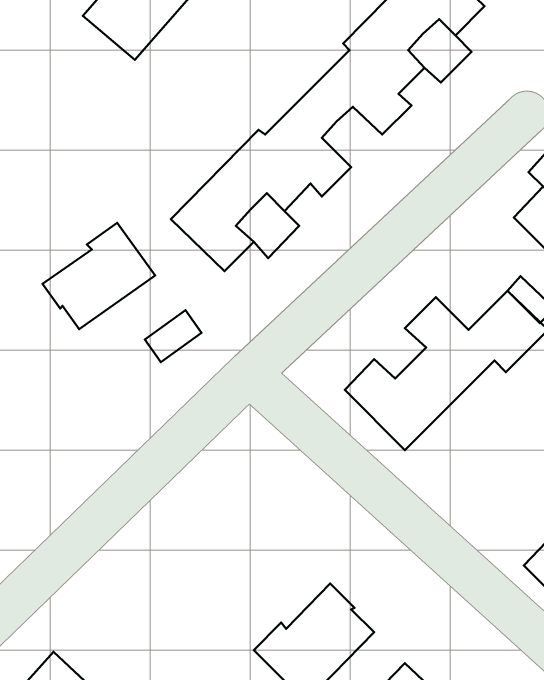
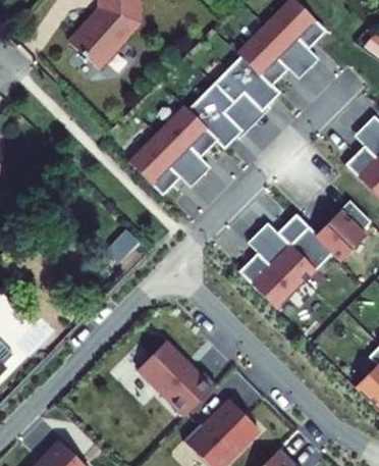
building: none -> [223,95,270,142]
building: [42,223,155,329] -> none
building: none -> [247,223,288,265]
building: none -> [132,338,212,413]

